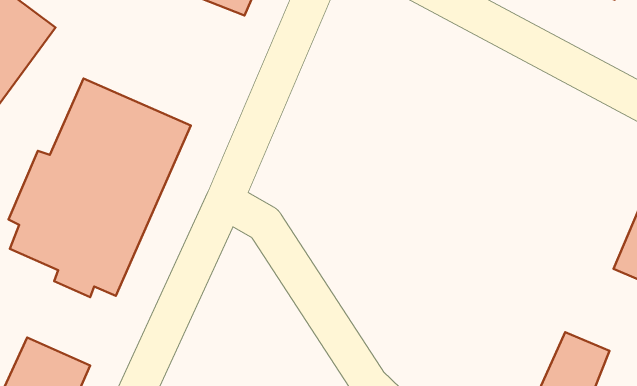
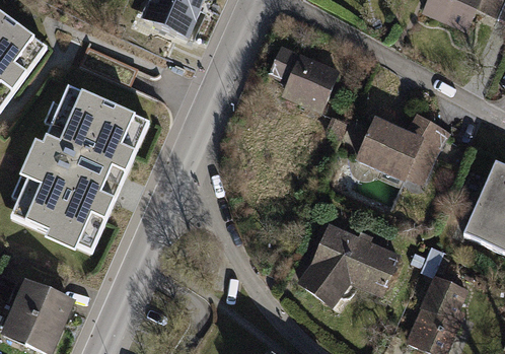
building: none -> [272,43,342,109]
building: none -> [359,110,449,181]
building: none -> [294,223,399,308]

